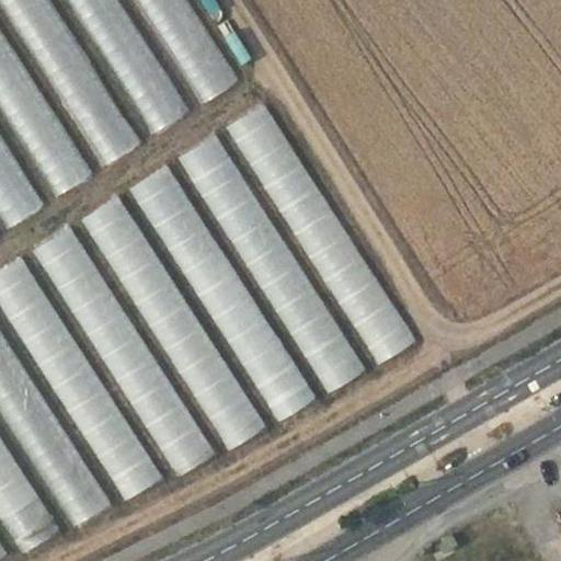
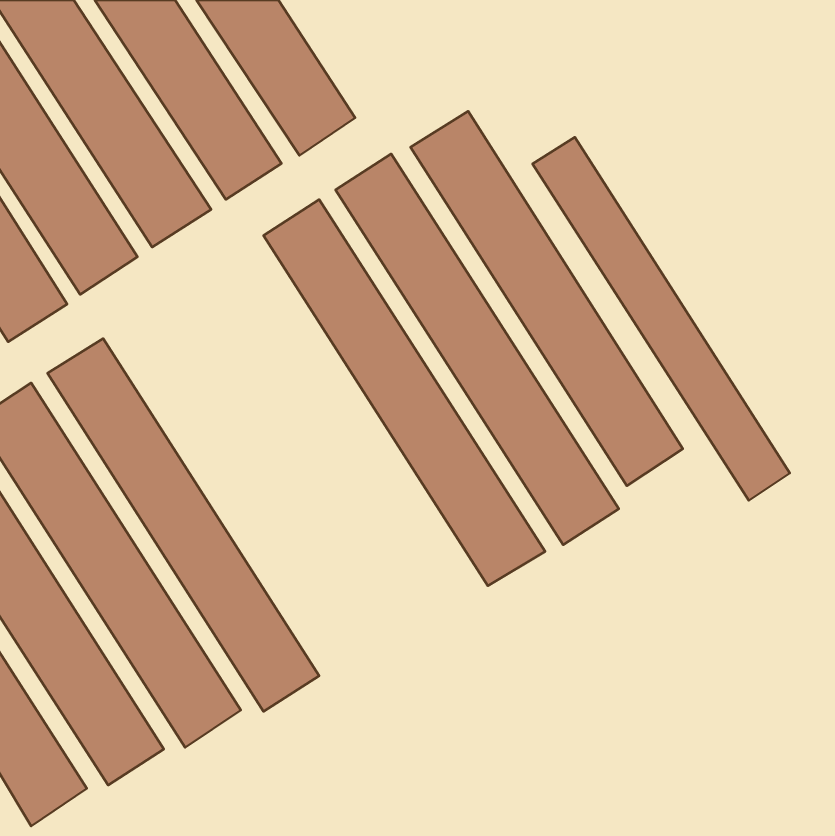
building: none -> [411,111,683,486]
building: none -> [533,137,790,501]
building: [128,164,316,422] -> none
building: [80,196,266,450] -> none

